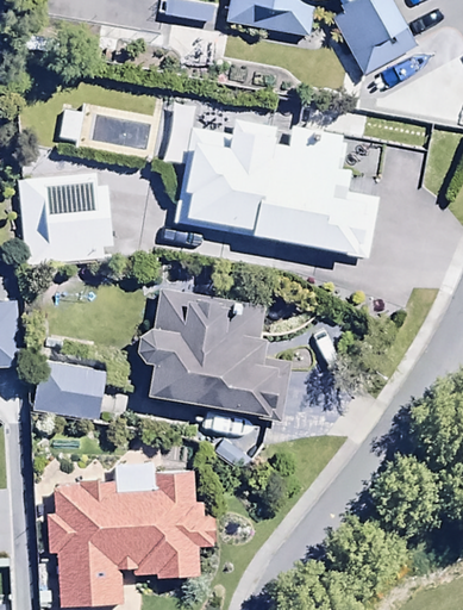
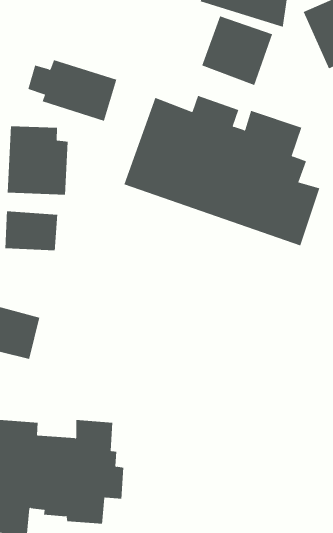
building: none -> [201,16,273,86]
building: none -> [5,210,58,251]
building: [142,293,289,417] -> none

